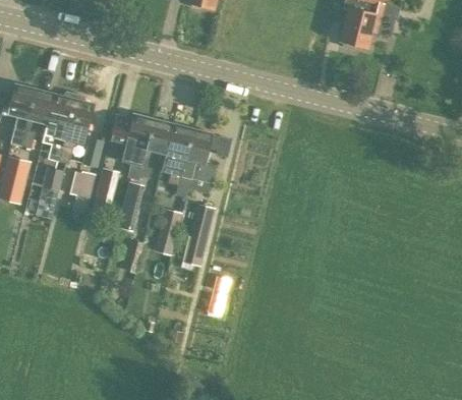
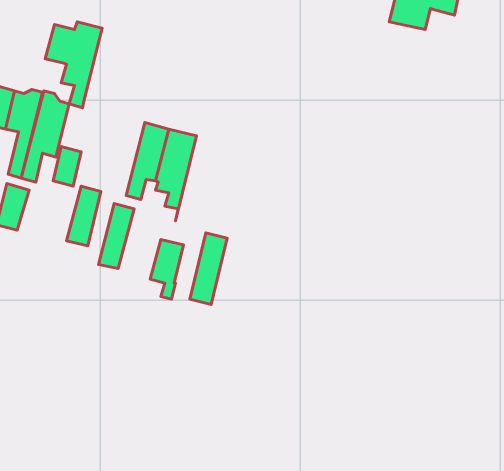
building: [109,114,153,180] -> [45,22,102,108]
building: [176,129,215,196] -> none
building: [62,171,96,201] -> none

